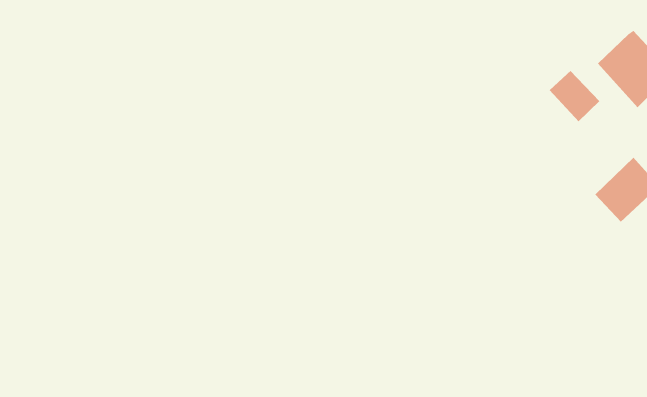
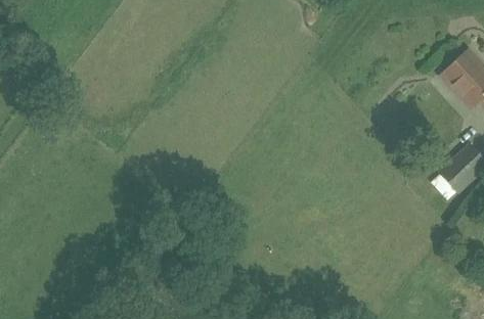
building: [549,70,600,122] -> none

